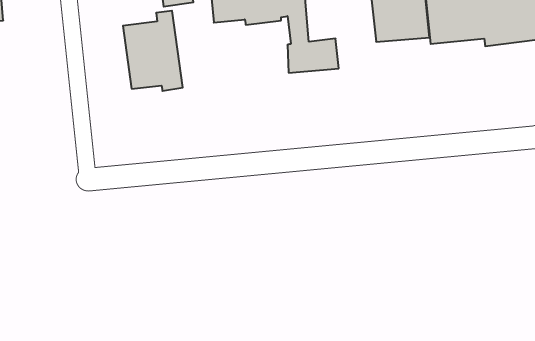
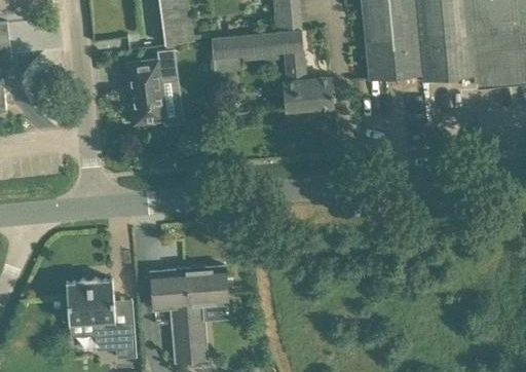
building: none -> [150,266,227,362]
building: none -> [62,278,136,358]

